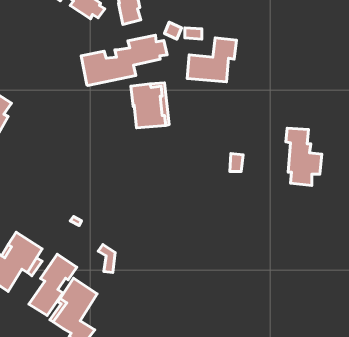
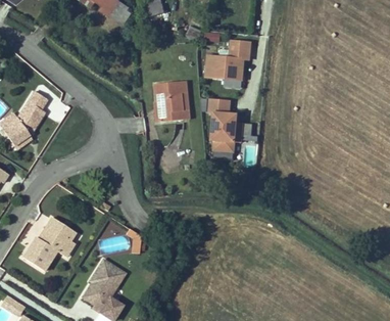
building: [81,35,167,85] -> none
building: [286,128,322,185] -> [210,99,243,151]
building: [29,254,77,316] -> none

